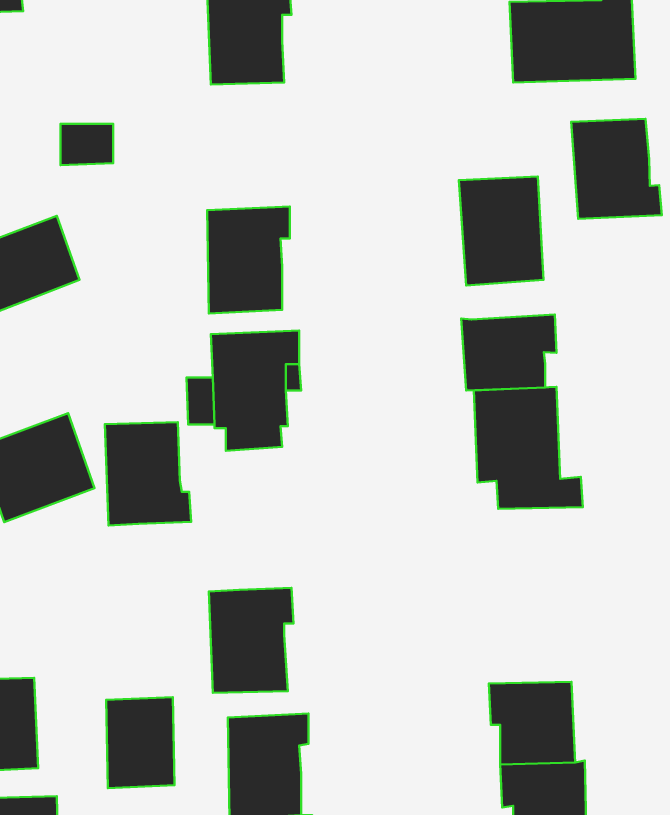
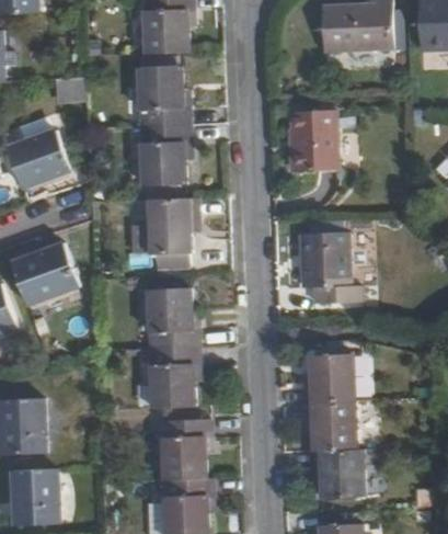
building: none -> [141,67,192,127]
building: [571,119,662,219] -> none
building: [461,314,556,390] -> none
building: [105,422,191,526] -> [142,289,193,350]
building: none -> [308,354,356,404]
building: [106,697,174,788] -> none

